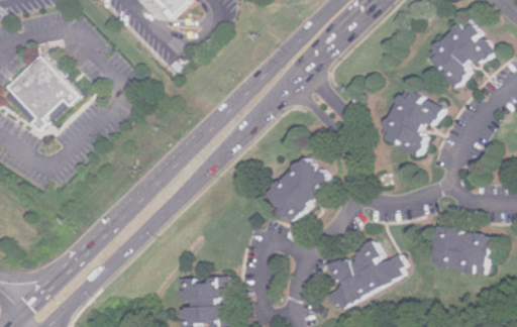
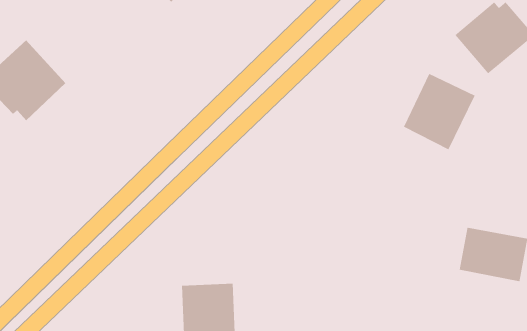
building: [263,154,332,222] -> none
building: [326,241,407,310] -> none

